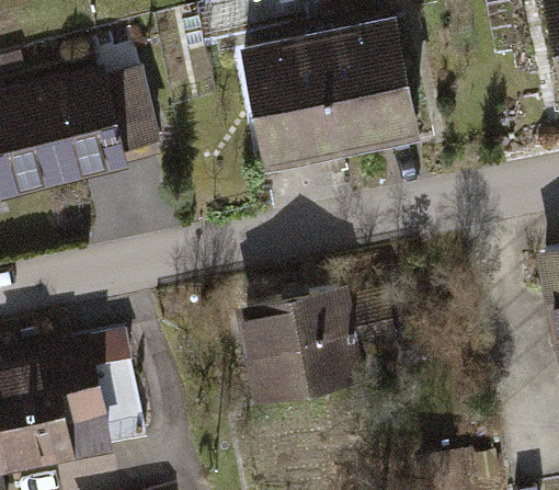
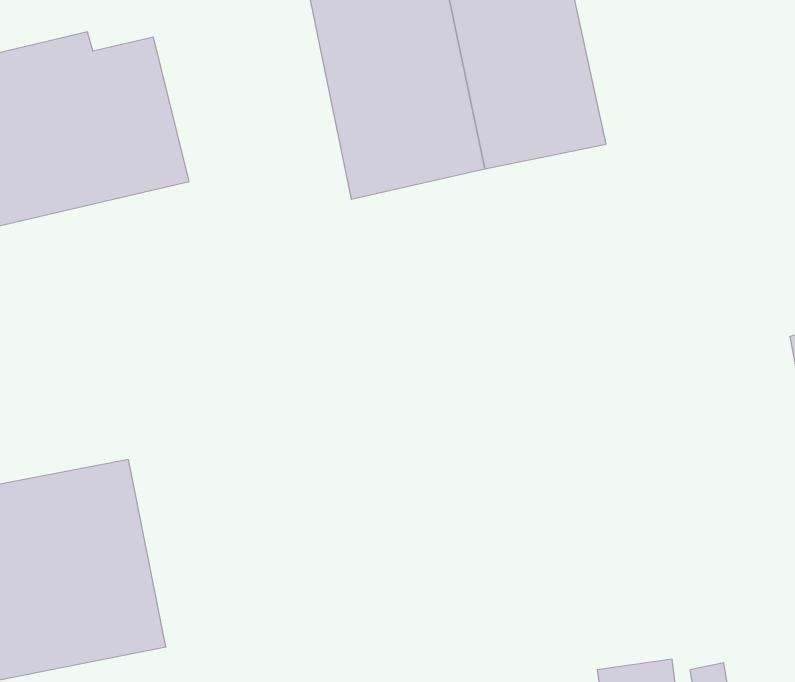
building: [231,285,397,397] -> none

